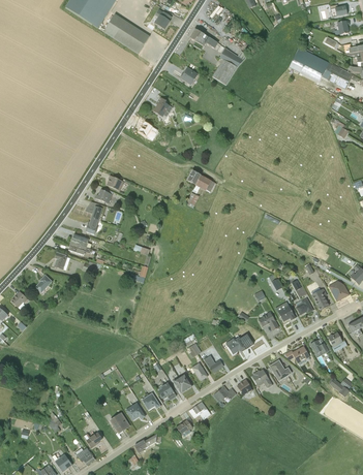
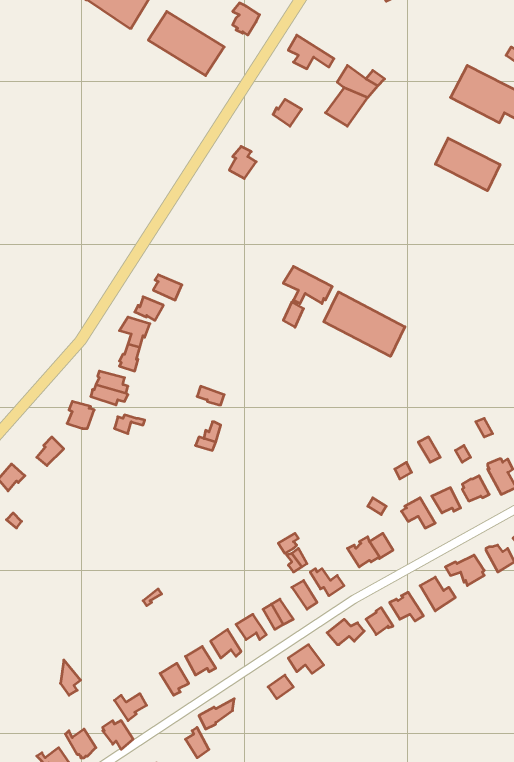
building: none -> [435,138,500,191]
building: none -> [324,292,405,356]

